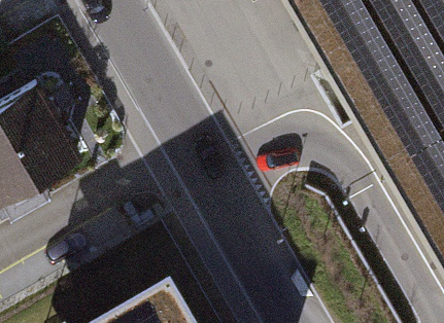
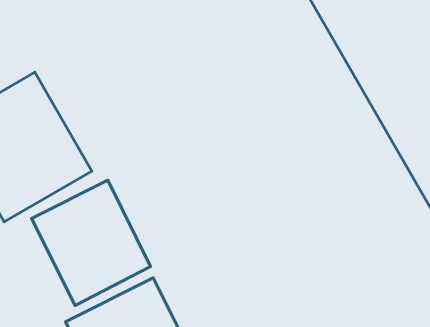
building: none -> [32,180,151,306]

